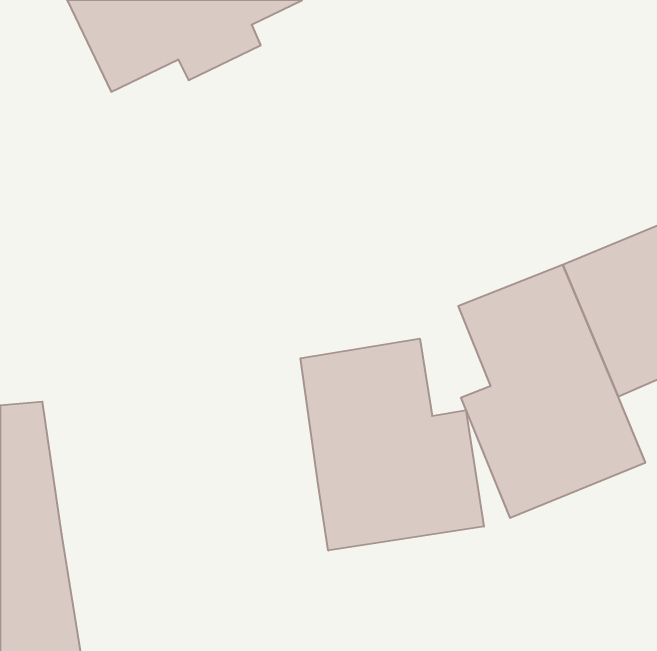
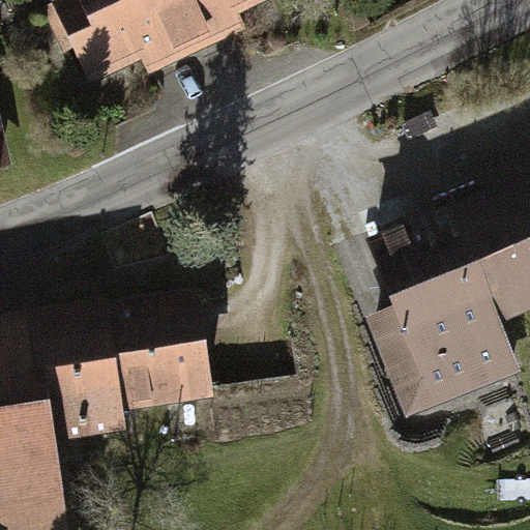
building: [300,339,484,551] -> none
building: none -> [36,304,211,436]

